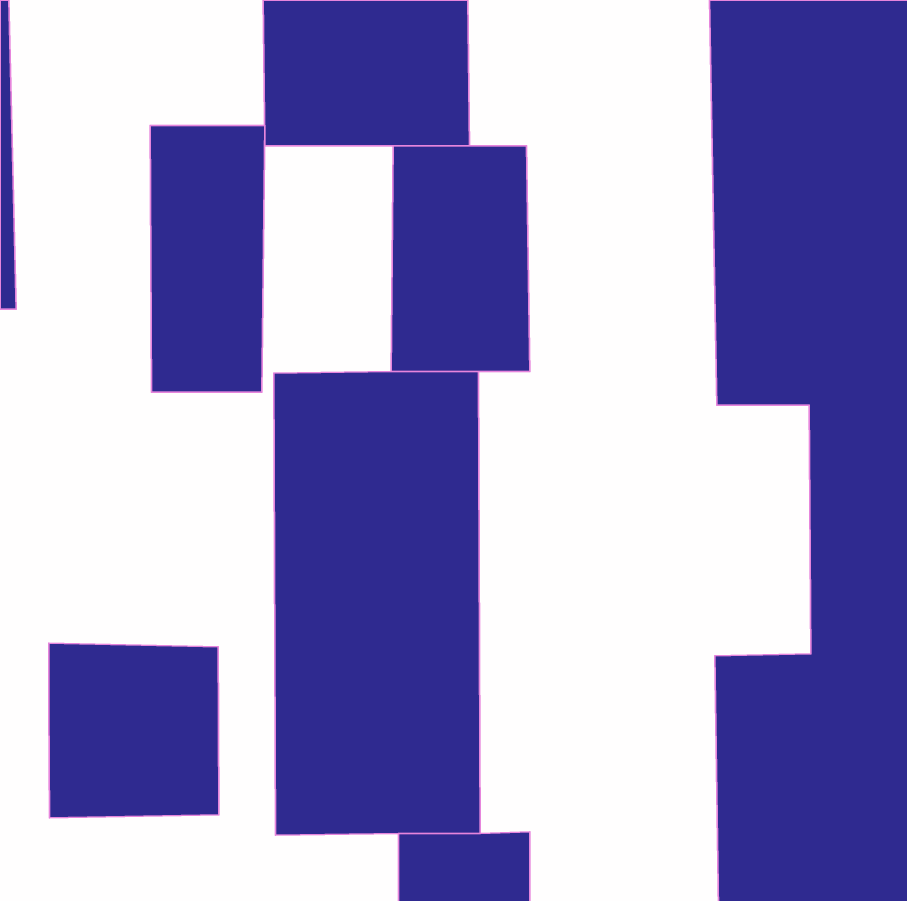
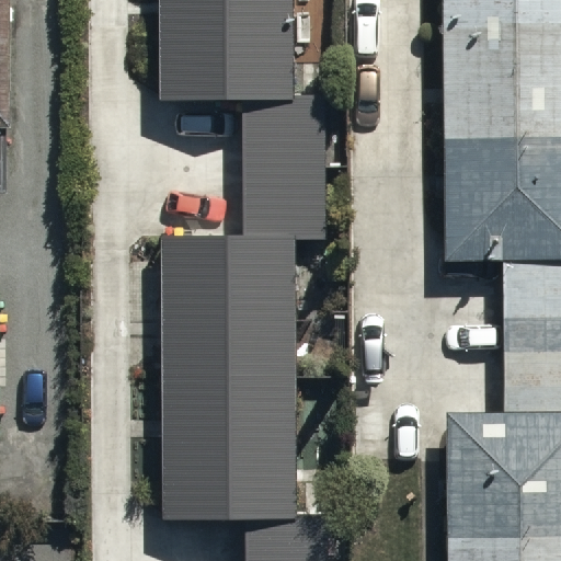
building: [150,126,265,392] -> none
building: [49,643,219,818] -> none

